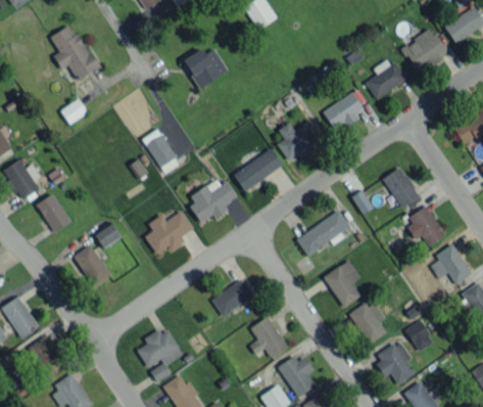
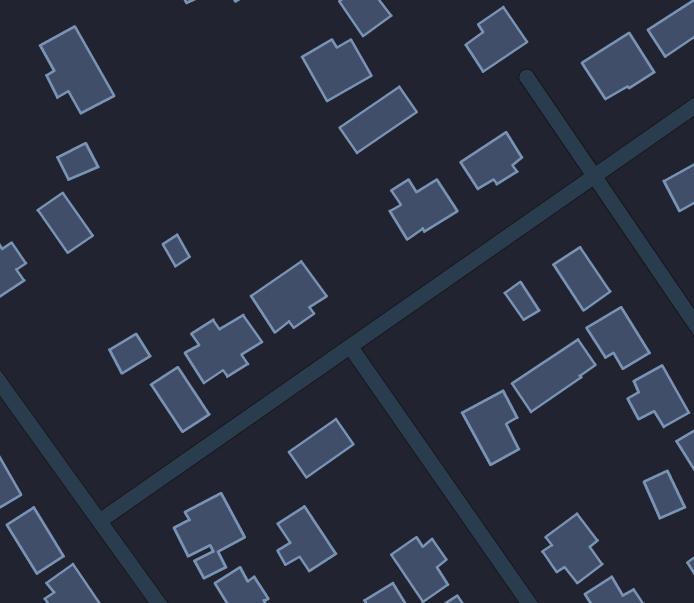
building: [183,48,228,88] -> [302,40,371,101]
building: [366,57,405,99] -> [466,7,527,72]
building: [143,128,179,174] -> none
building: [233,148,283,191] -> [340,87,417,153]
building: [36,193,71,232] -> [38,193,93,253]
building: [296,210,350,257] -> [512,339,595,412]
building: [74,244,111,286] -> [151,367,209,432]
building: [349,299,387,345] -> none
building: [250,316,288,358] -> [278,506,336,571]
building: [406,320,433,351] -> [644,471,685,518]

